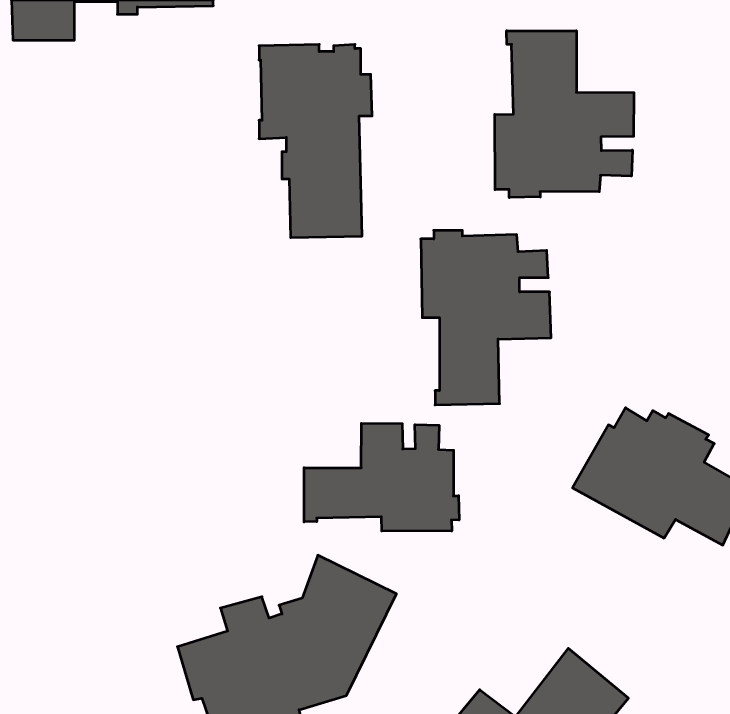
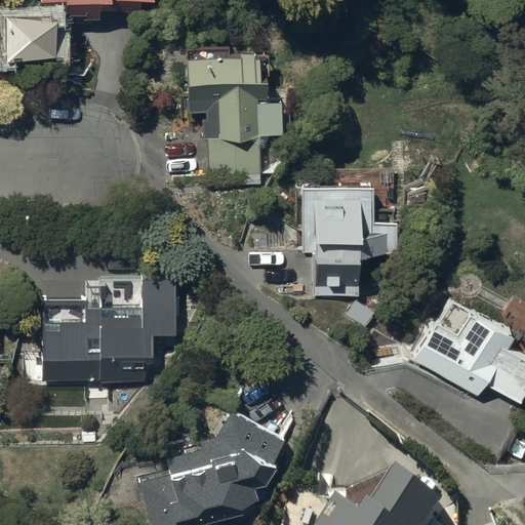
building: [495,31,634,198] -> none
building: none -> [43,278,179,386]
building: [304,423,459,531] -> none

